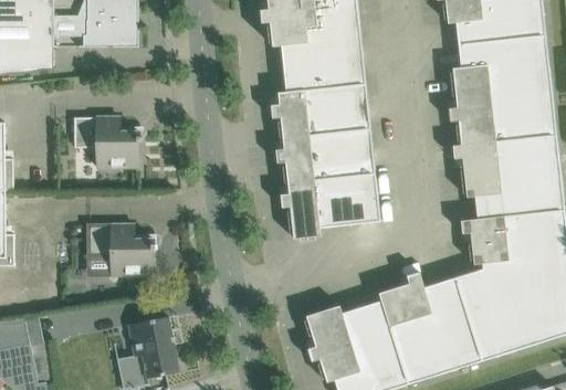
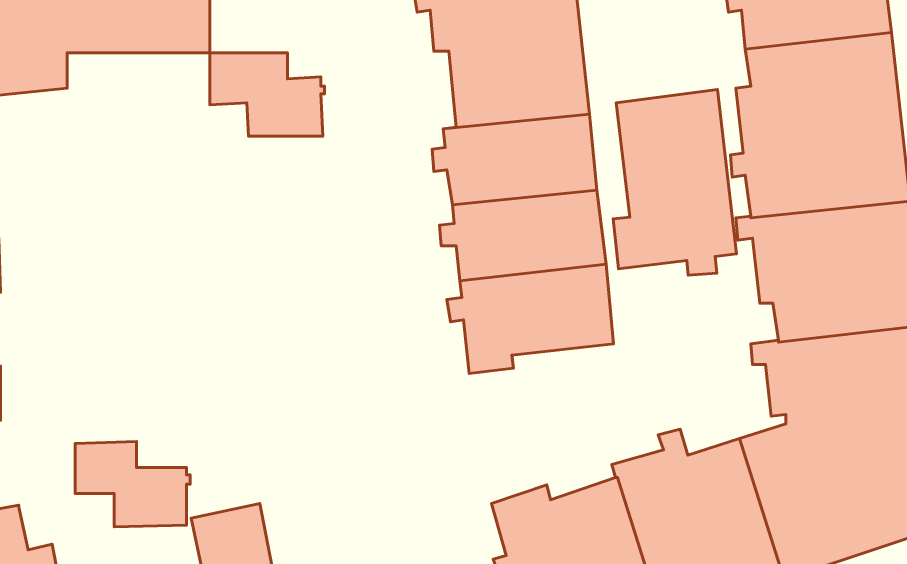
building: none -> [613,89,736,275]
building: [73,117,142,167] -> [210,53,325,136]
building: [87,224,156,275] -> [75,442,190,527]

